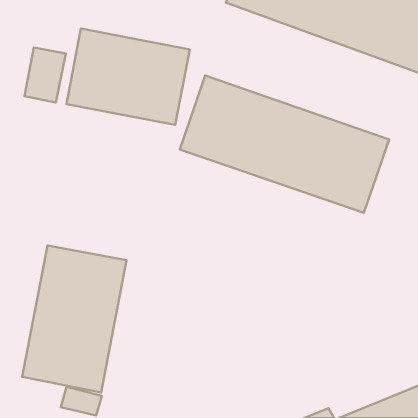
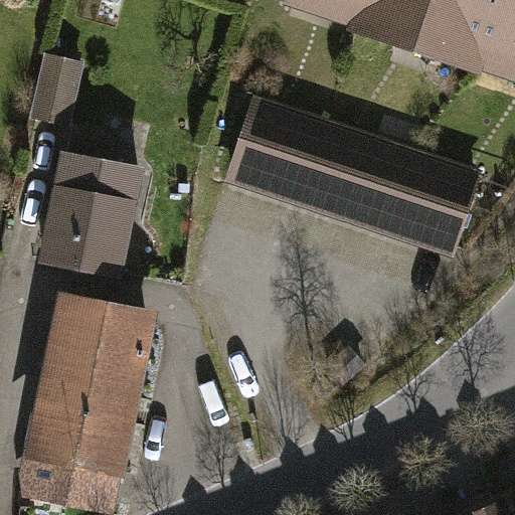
building: [67,29,190,125] -> none
building: none -> [36,147,140,271]

